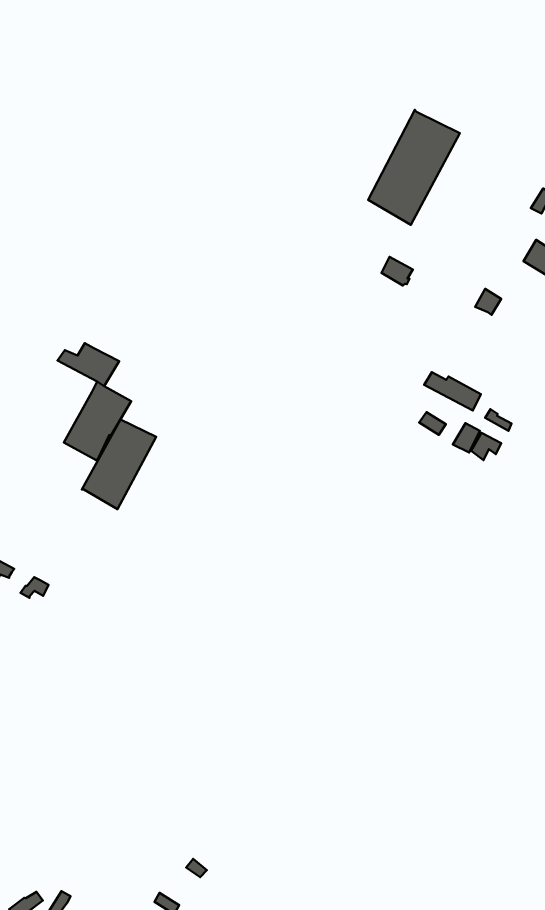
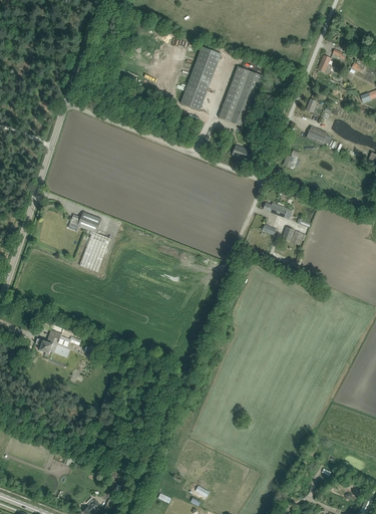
building: none -> [180,46,219,110]
building: [82,419,156,509] -> none

